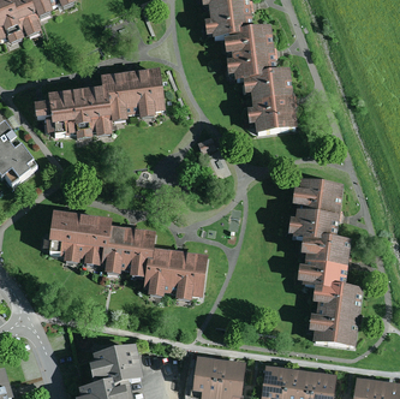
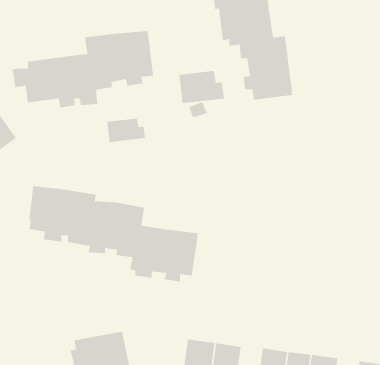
building: none -> [179,70,225,104]
building: none -> [107,118,146,143]
building: [288,178,363,347] -> none

